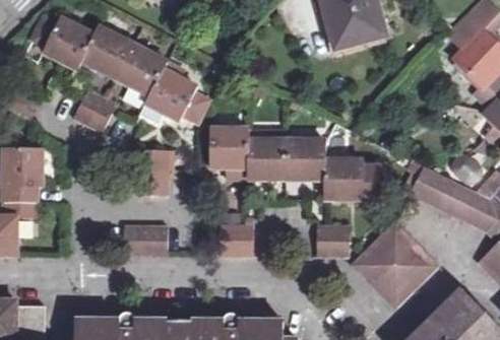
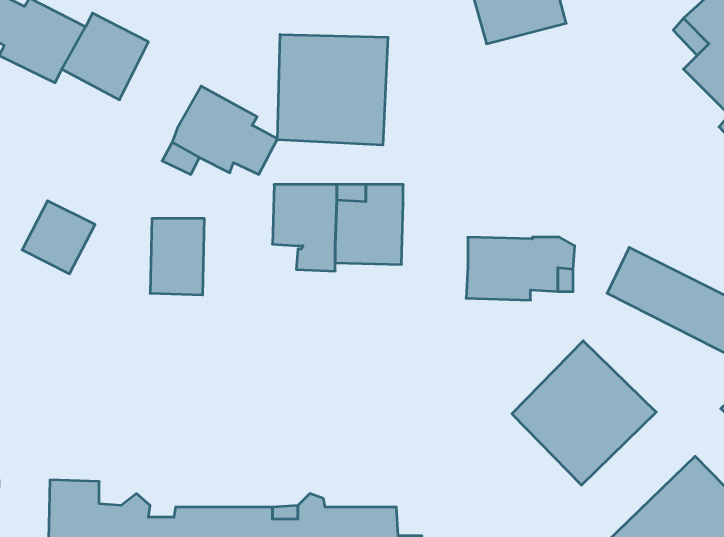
building: none -> [277,34,388,145]
building: [117,44,170,95] -> none
building: [74,88,118,132] -> [22,201,95,274]
building: [286,140,326,178] -> none
building: [220,223,253,256] -> none
building: [315,224,348,257] -> none
building: [123,225,167,255] -> none

